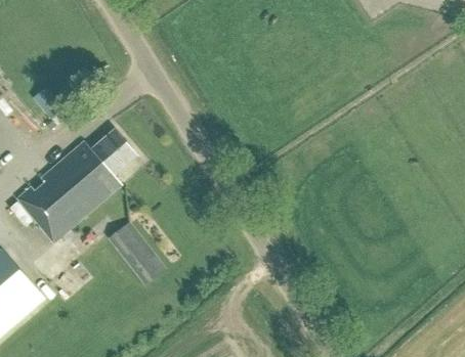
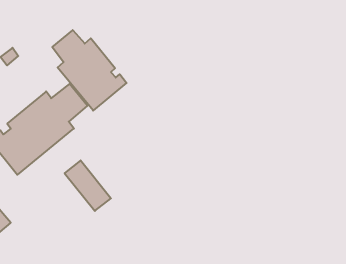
building: none -> [52,30,127,111]

